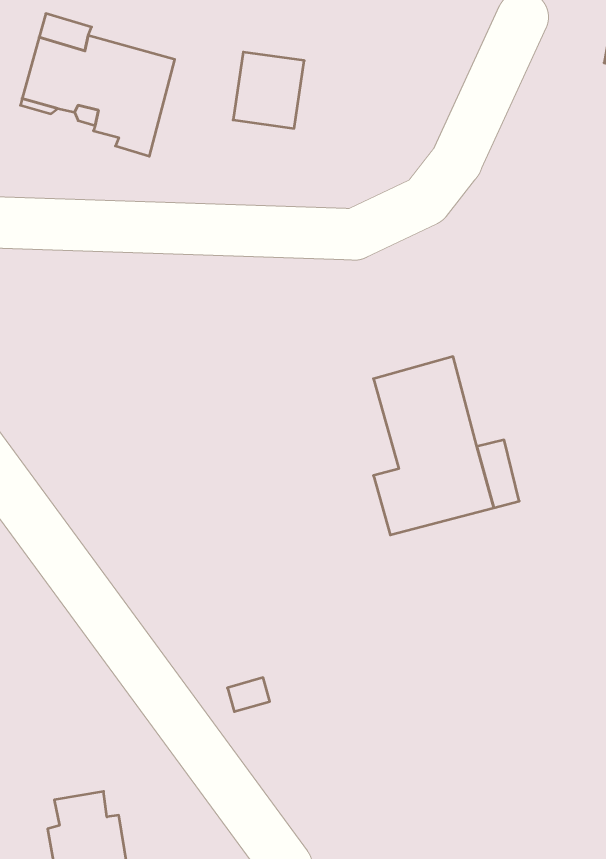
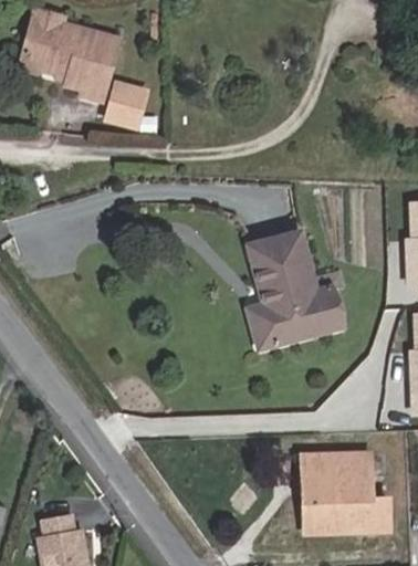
building: [233,52,304,128] -> [104,78,150,128]
building: none -> [301,453,388,534]

